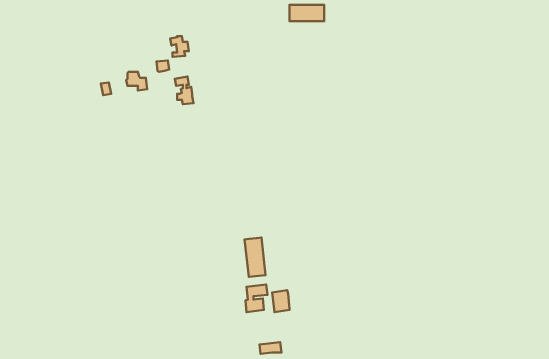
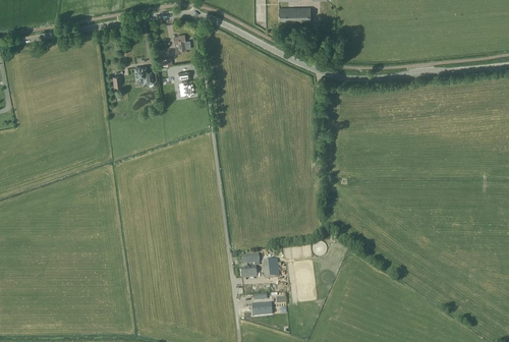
building: [245,238,266,277] -> none

